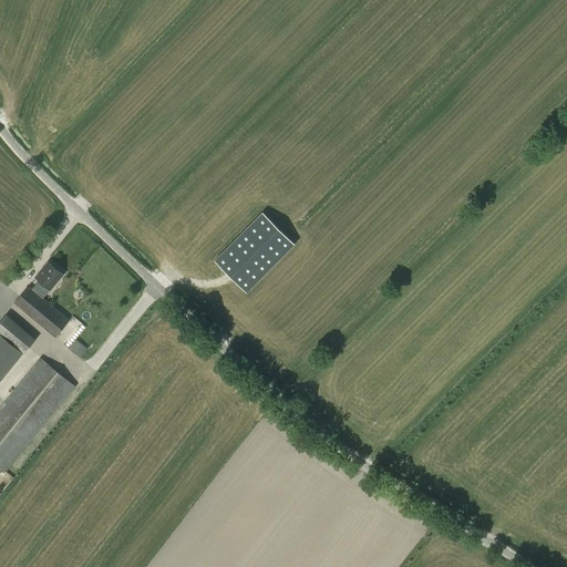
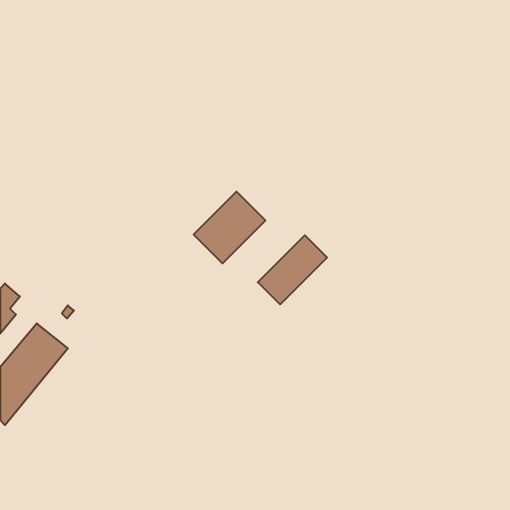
building: none -> [258,235,327,304]
building: [14,262,69,337] -> none

